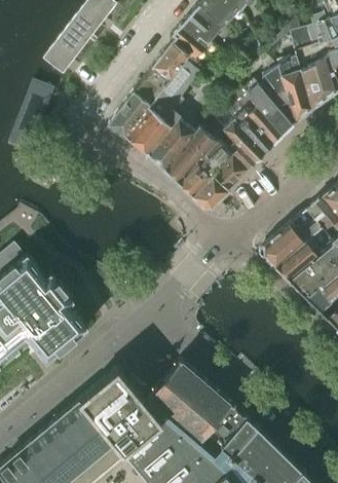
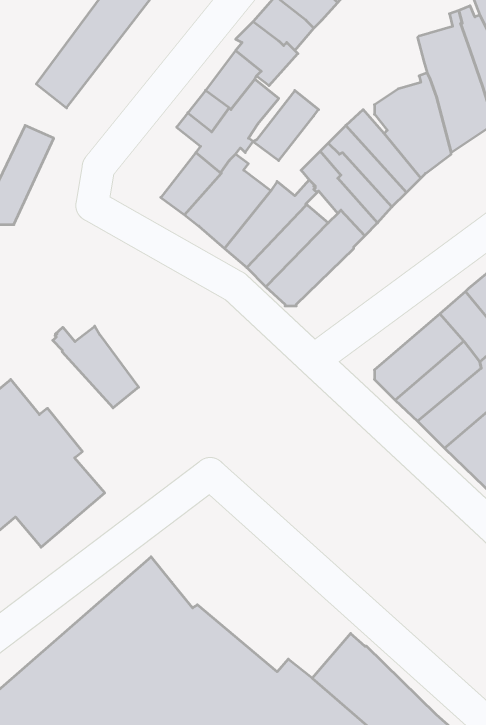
building: [107,91,149,137] -> [253,90,319,161]
building: none -> [53,326,139,408]
building: [147,360,246,446] -> none

